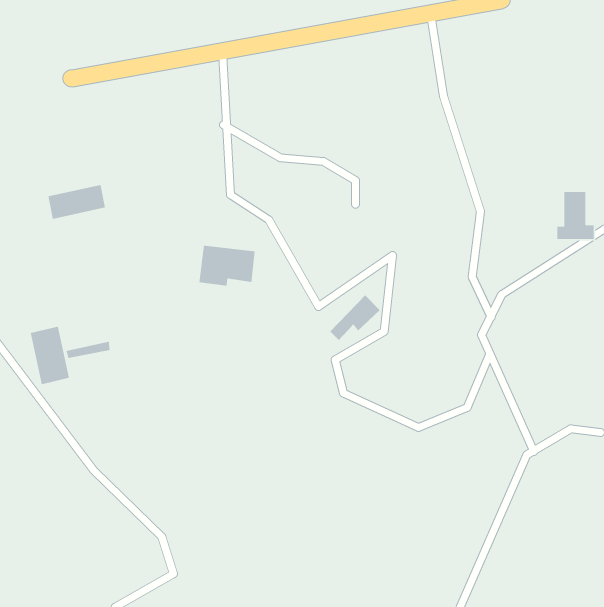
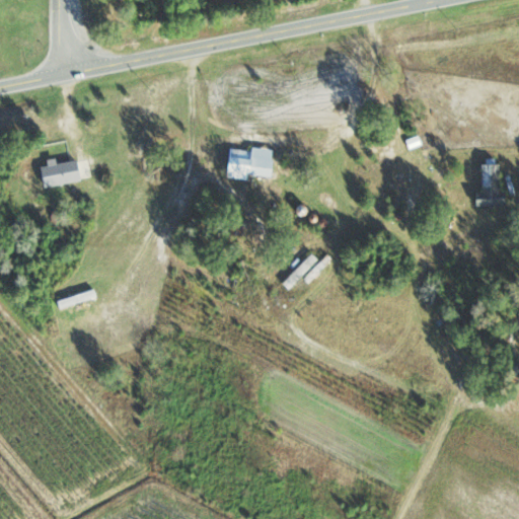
building: [199,245,256,286] -> [226,146,275,181]
building: [30,326,70,385] -> none

